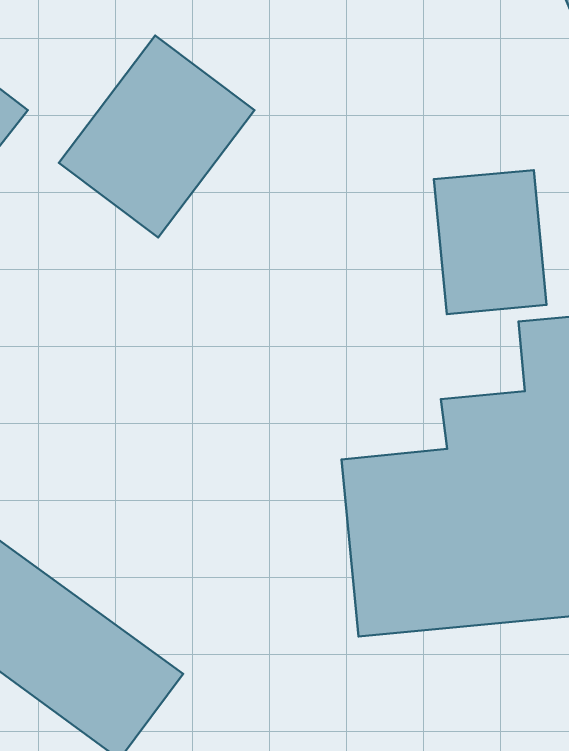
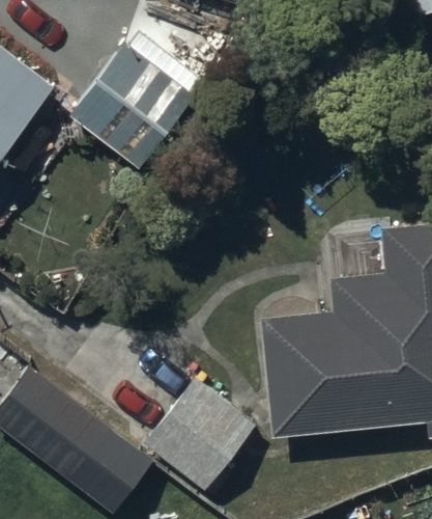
building: [434,170,547,314] -> none
building: none -> [143,379,255,492]

